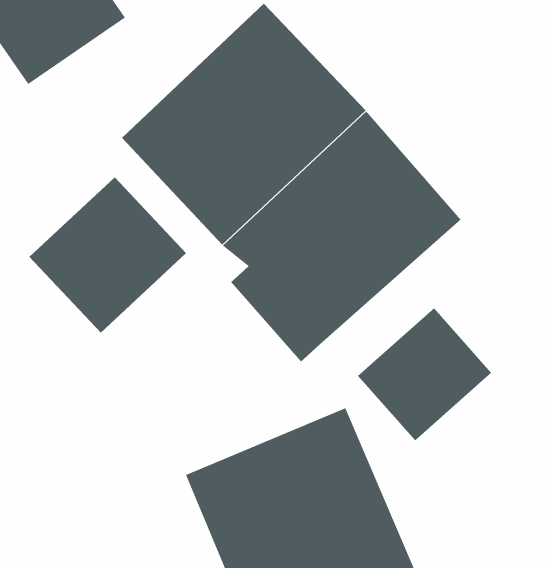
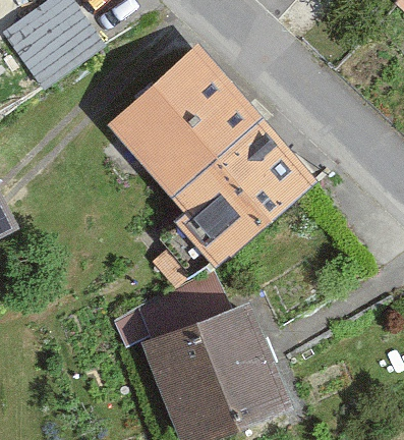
building: [29,177,187,334] -> none
building: [357,307,492,441] -> none

